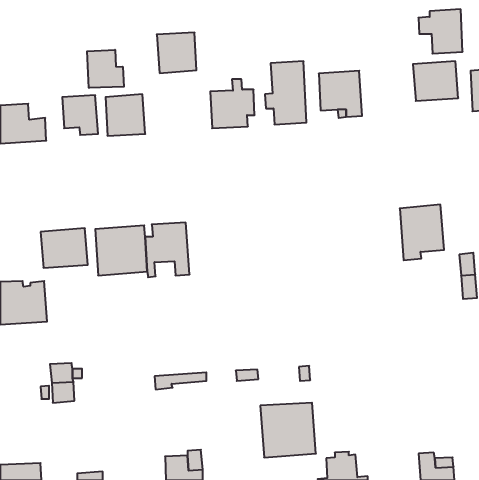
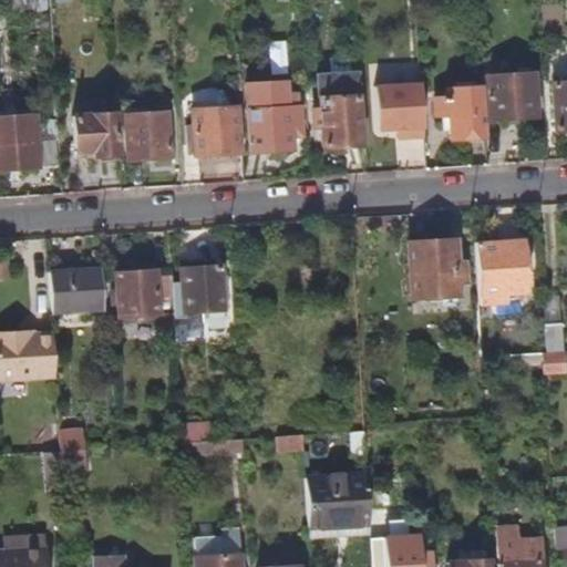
building: [418,9,463,54] -> [436,85,488,137]
building: [157,33,196,73] -> [194,107,240,155]
building: [87,50,124,88] -> none
building: none -> [401,241,454,299]

